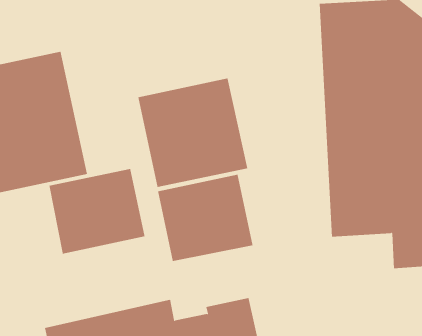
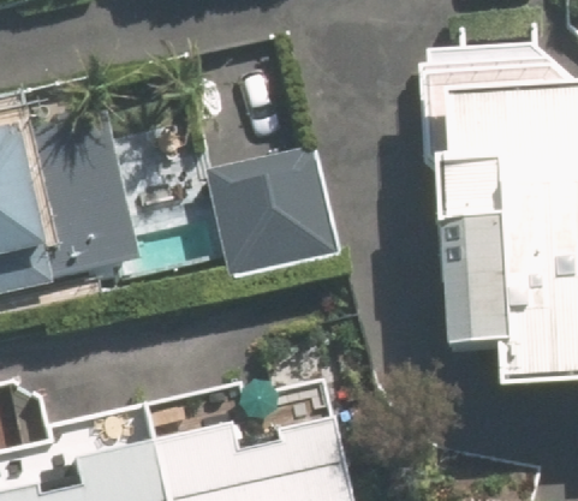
building: [49,168,145,254] -> none
building: [158,174,253,262] -> none

